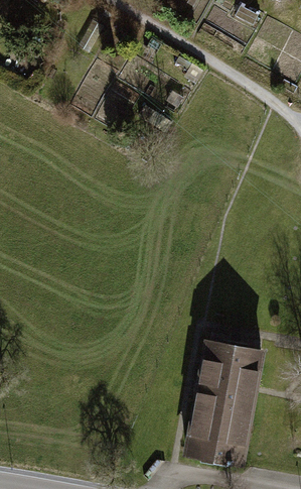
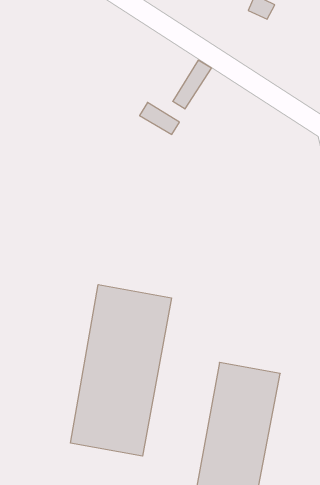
building: none -> [71,285,171,456]

